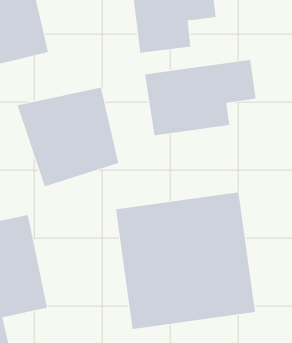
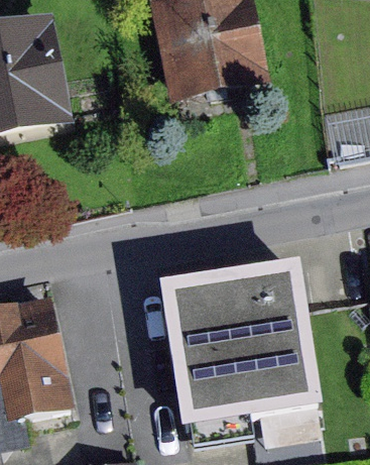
building: [145,59,256,136] -> none
building: [17,87,119,187] -> none

